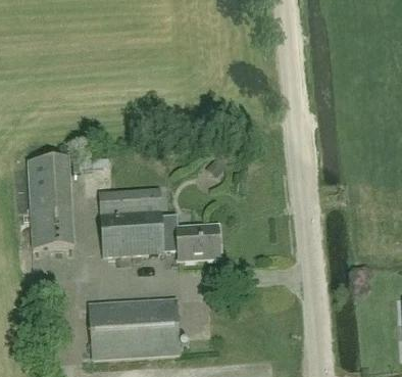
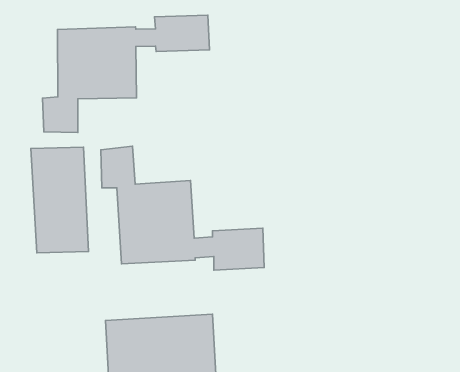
building: none -> [42,15,209,133]

